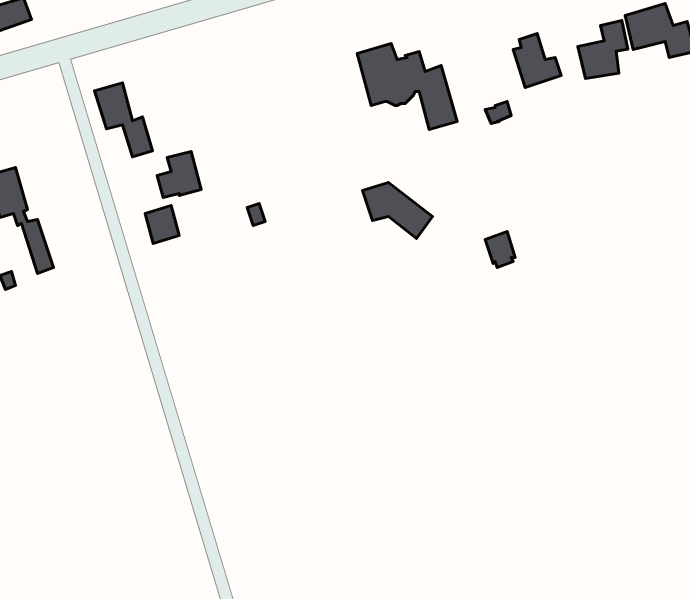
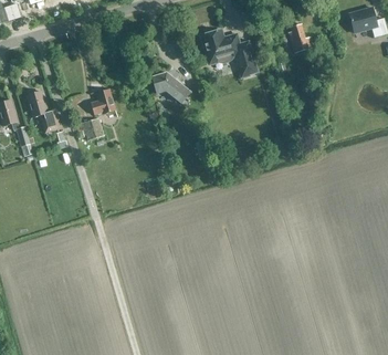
building: [578,20,628,79] -> none
building: [94,83,152,157] -> [27,91,59,132]
building: [363,182,433,238] -> [151,72,190,103]

